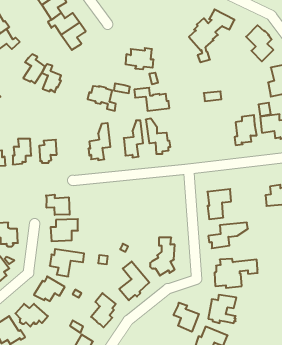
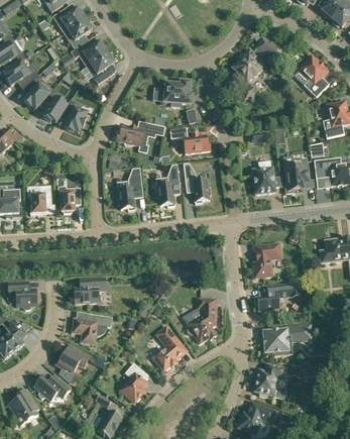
building: none -> [23,75,48,109]
building: none -> [252,160,279,194]
building: [46,195,70,215] -> none
building: [174,303,199,332] -> none

